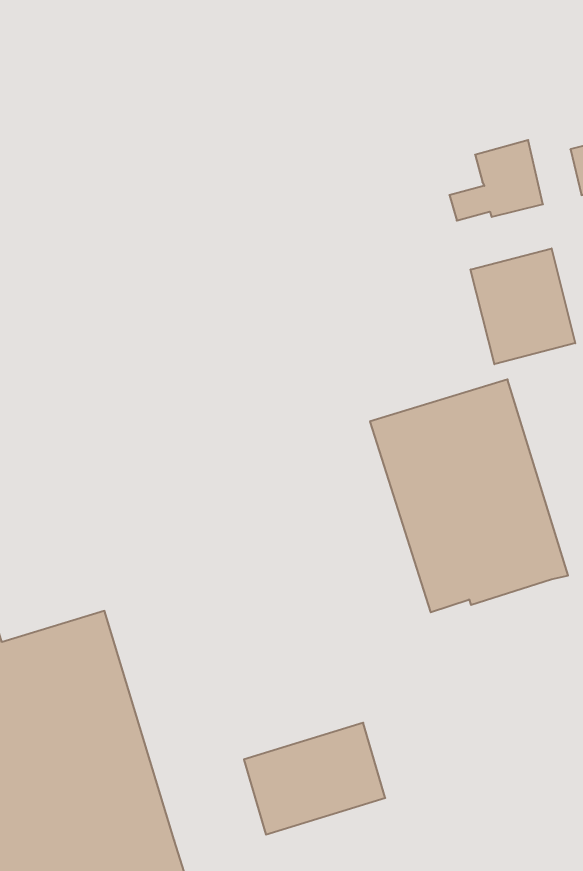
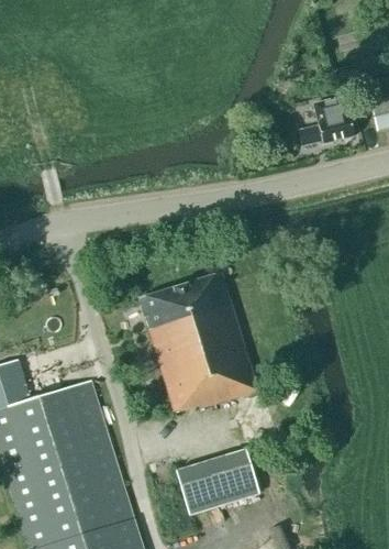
building: [471,248,575,364] -> none
building: [370,379,568,612] -> [138,273,257,413]

